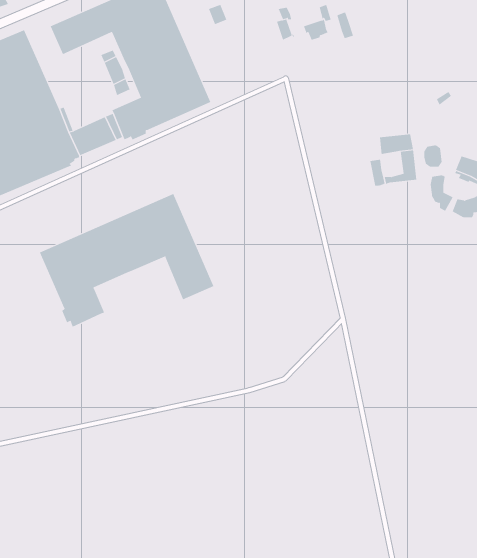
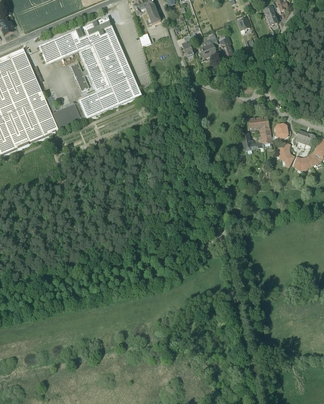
building: [39,193,214,327] -> none

